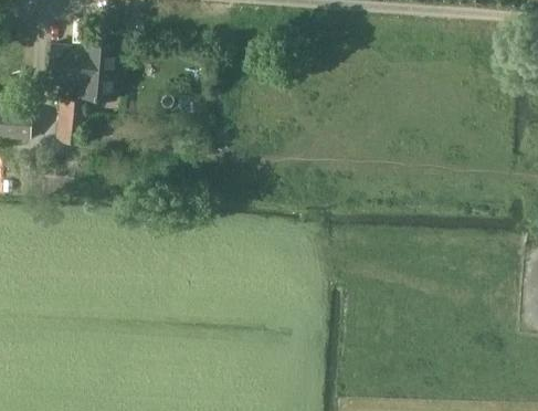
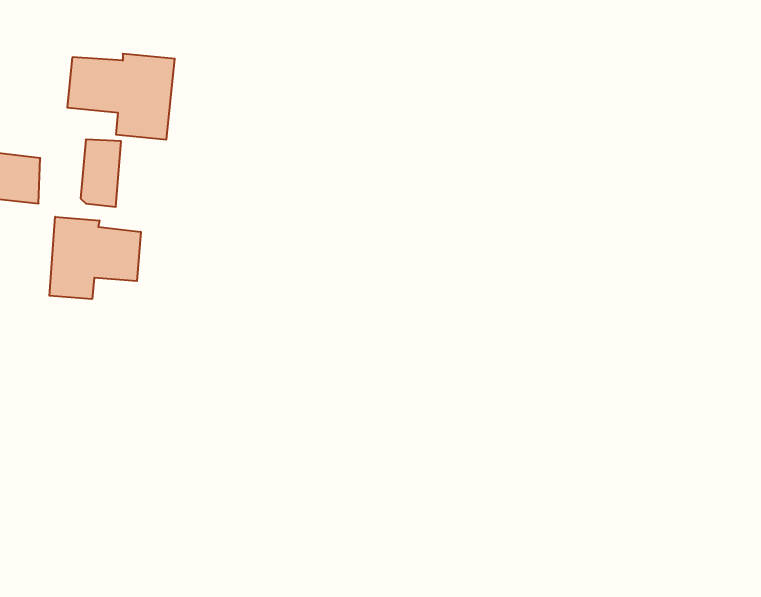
building: none -> [49,217,141,299]

